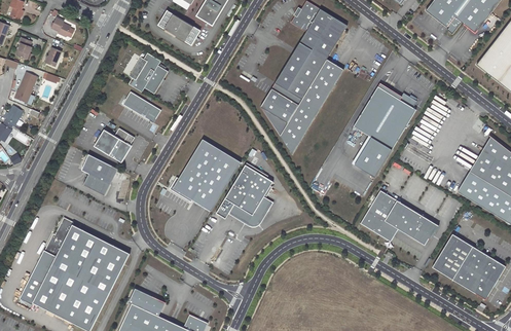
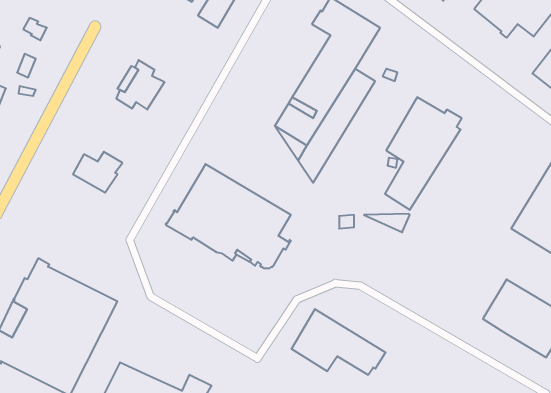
building: [158,10,200,45] -> none
building: [122,91,160,123] -> none
building: [80,154,112,195] -> none
building: [361,190,439,245] -> [291,309,386,375]
building: [127,288,162,315] -> none

